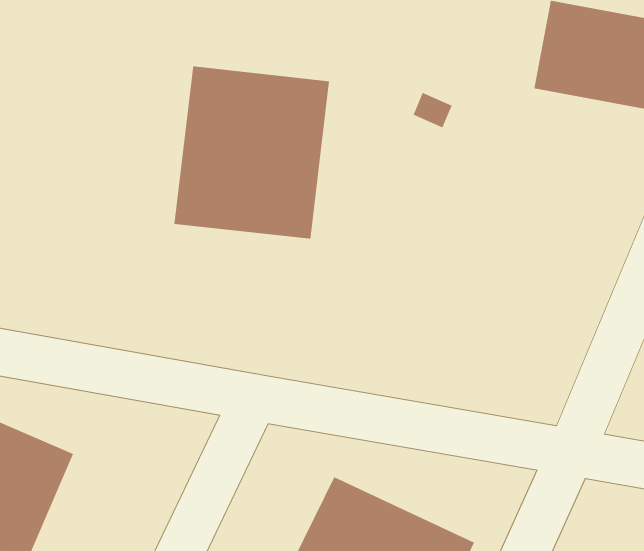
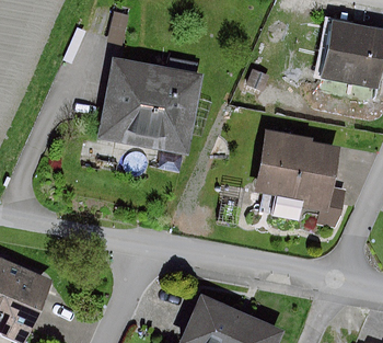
building: none -> [254,129,346,225]

